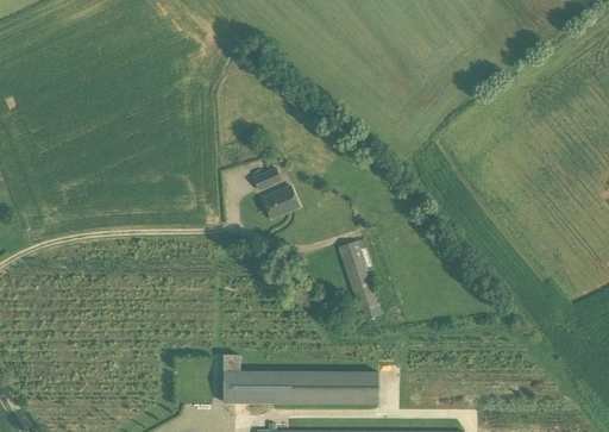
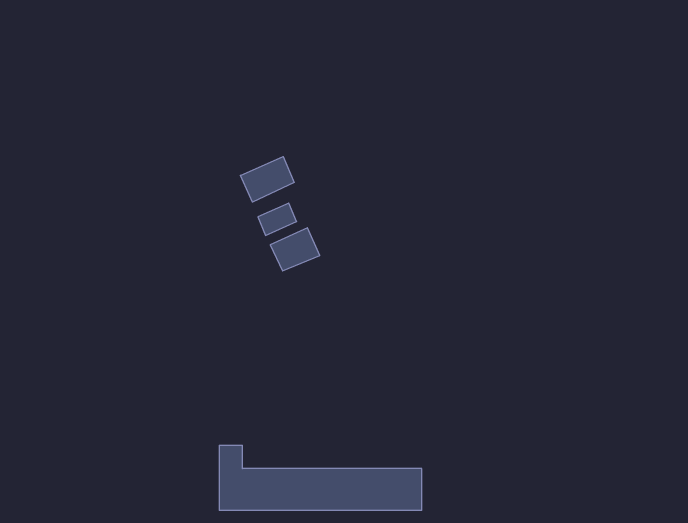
building: none -> [240,157,294,202]
building: [338,240,382,321] -> none

